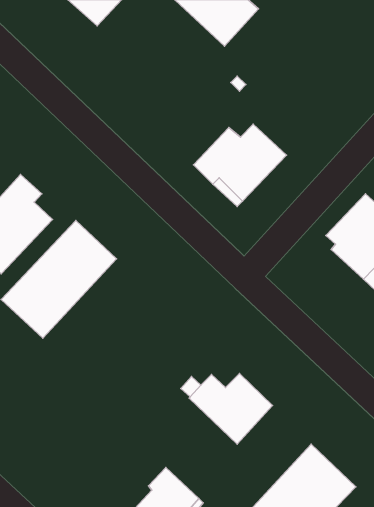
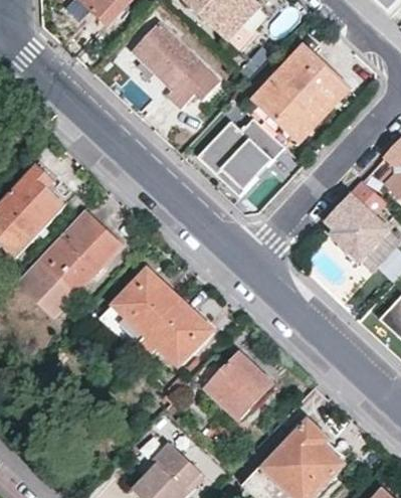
building: none -> [134,20,223,108]
building: none -> [252,46,347,136]
building: none -> [114,267,212,365]

